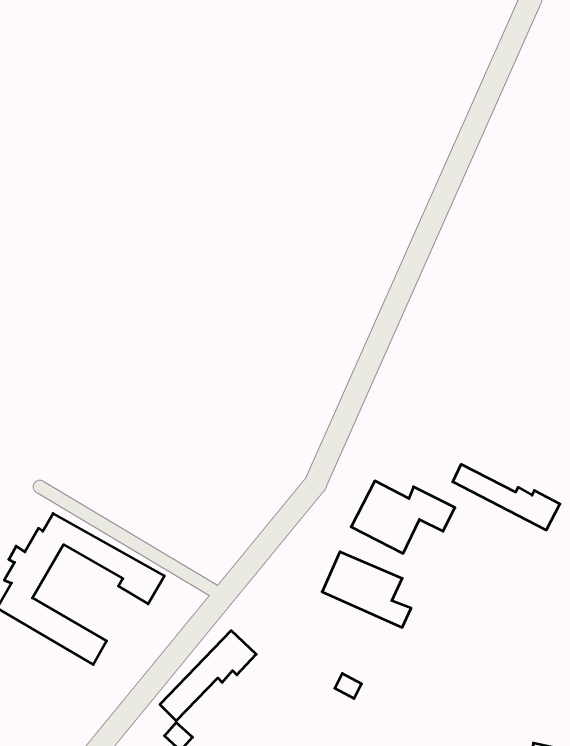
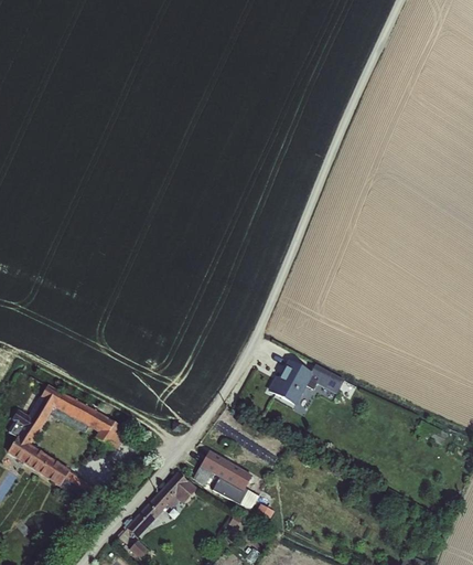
building: [453,464,560,530] -> none
building: [322,552,411,627] -> [193,451,259,508]

